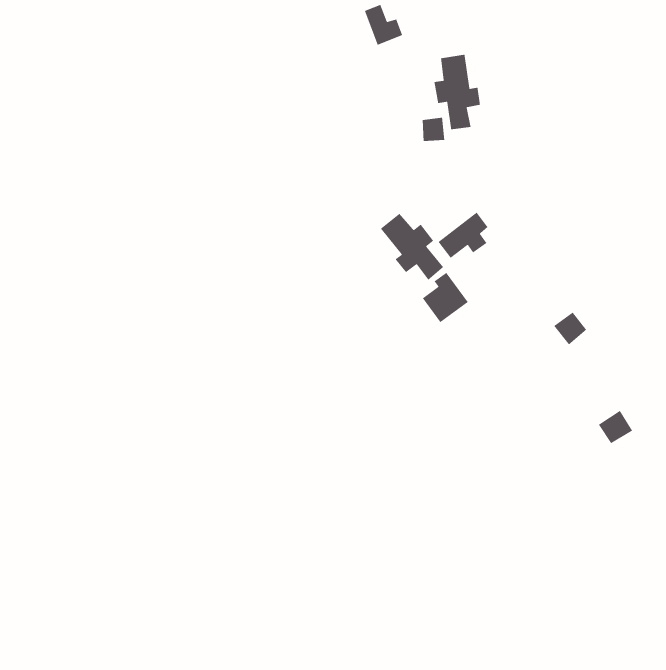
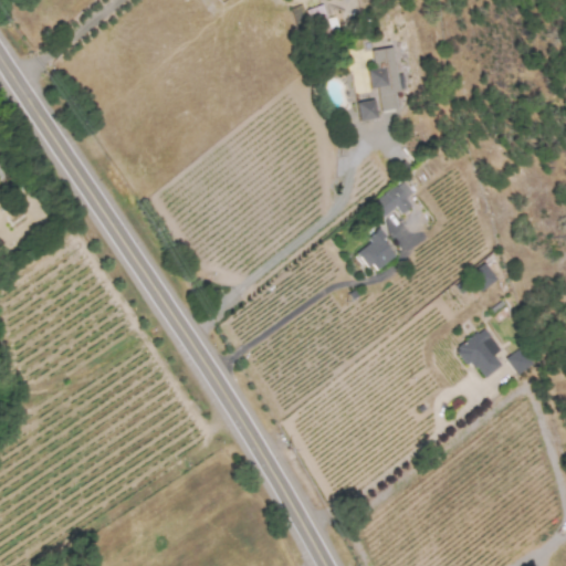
building: [380,213,444,281] -> none
building: none -> [459,326,504,379]

